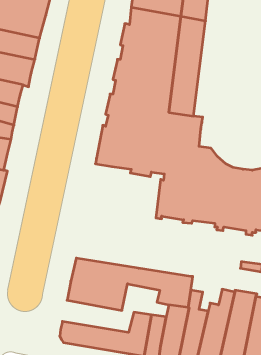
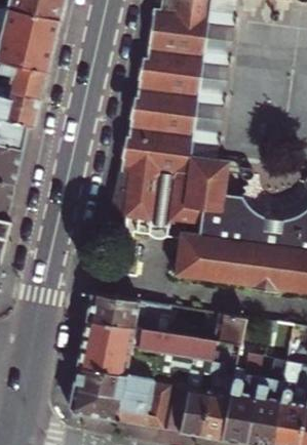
building: none -> [87,293,250,345]
building: none -> [72,367,152,403]

